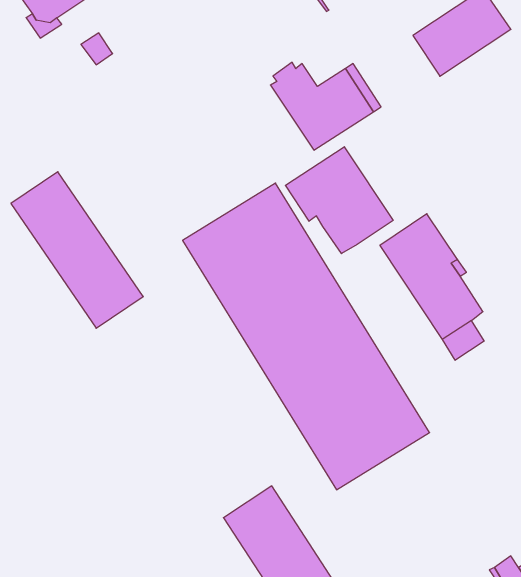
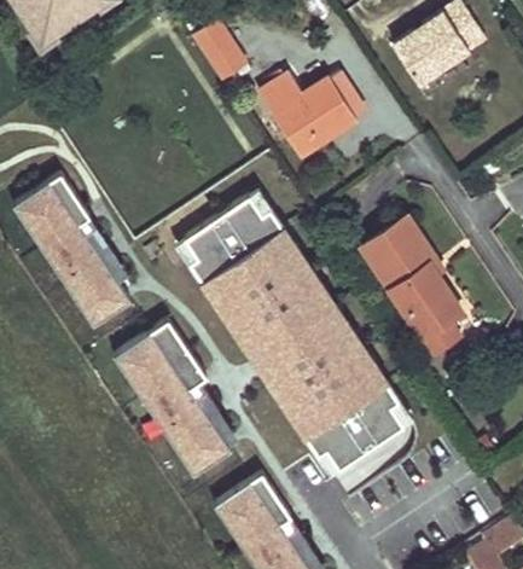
building: none -> [193,21,249,82]
building: [285,147,393,254] -> none
building: none -> [118,323,238,476]

